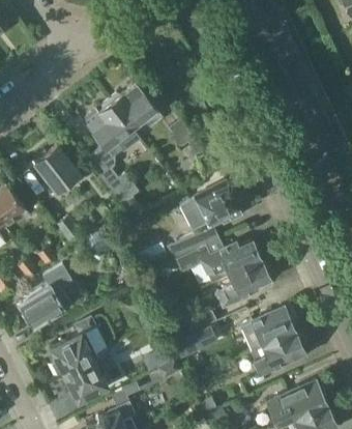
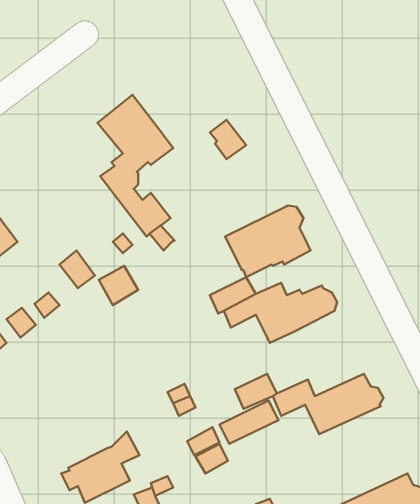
building: [110,82,160,127] -> none
building: [32,144,84,191] -> none
building: [214,260,269,309] -> none
building: [18,267,70,328] -> none
building: [49,317,106,377] -> none
building: [247,331,303,375] -> none

